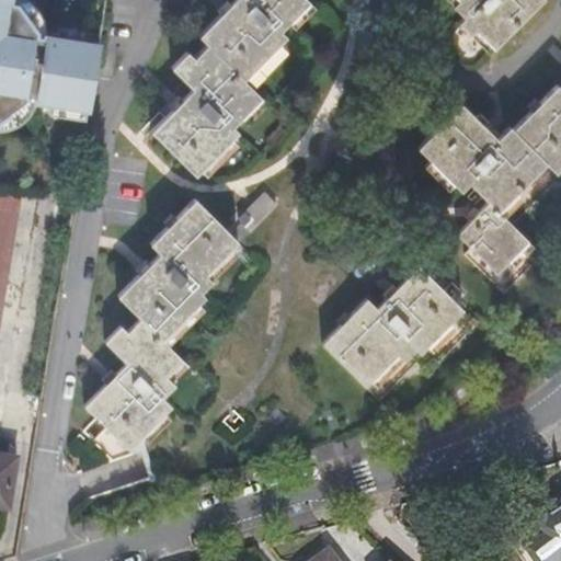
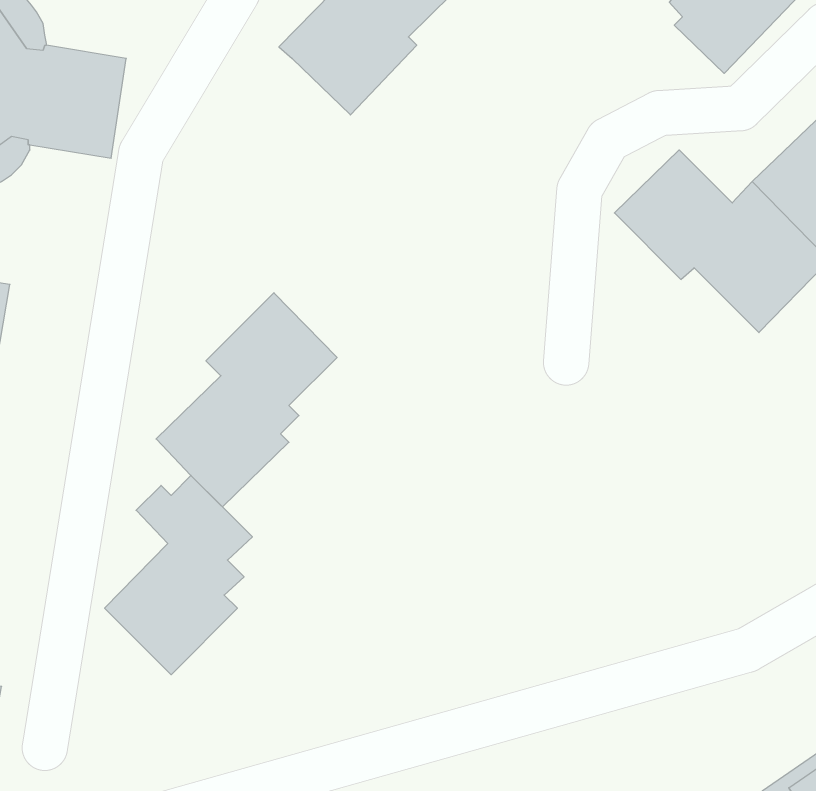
building: [153,44,262,172] -> none
building: [460,202,546,294] -> none
building: [322,265,480,401] -> none

